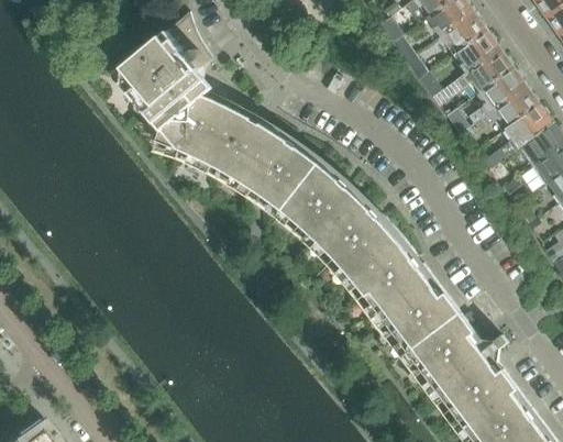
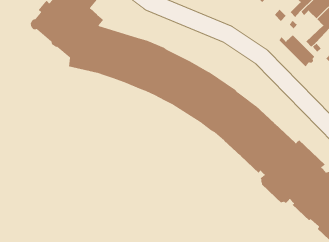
building: none -> [279,34,315,67]

